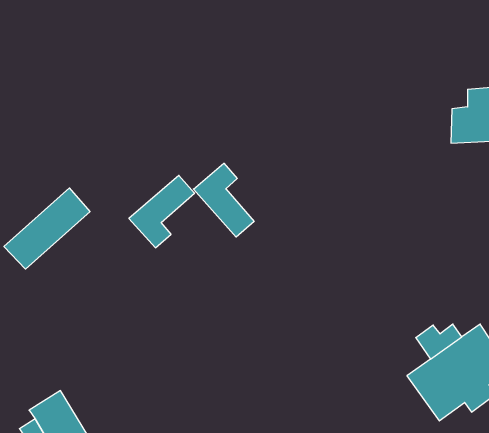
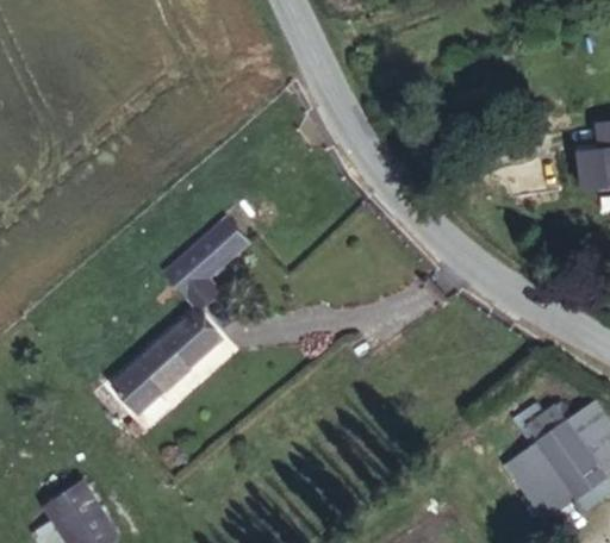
building: [193,163,254,237] -> none
building: [4,188,90,269] -> [113,314,218,413]

